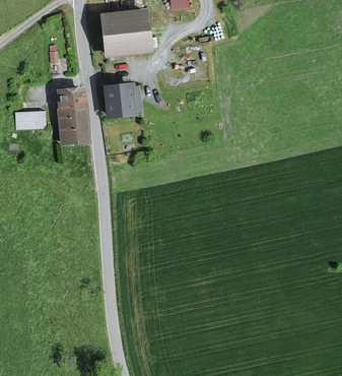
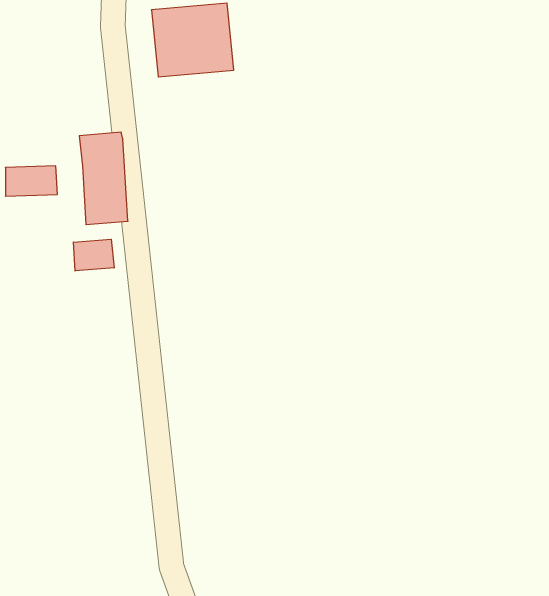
building: [104,83,136,118] -> none
building: none -> [73,239,114,271]

